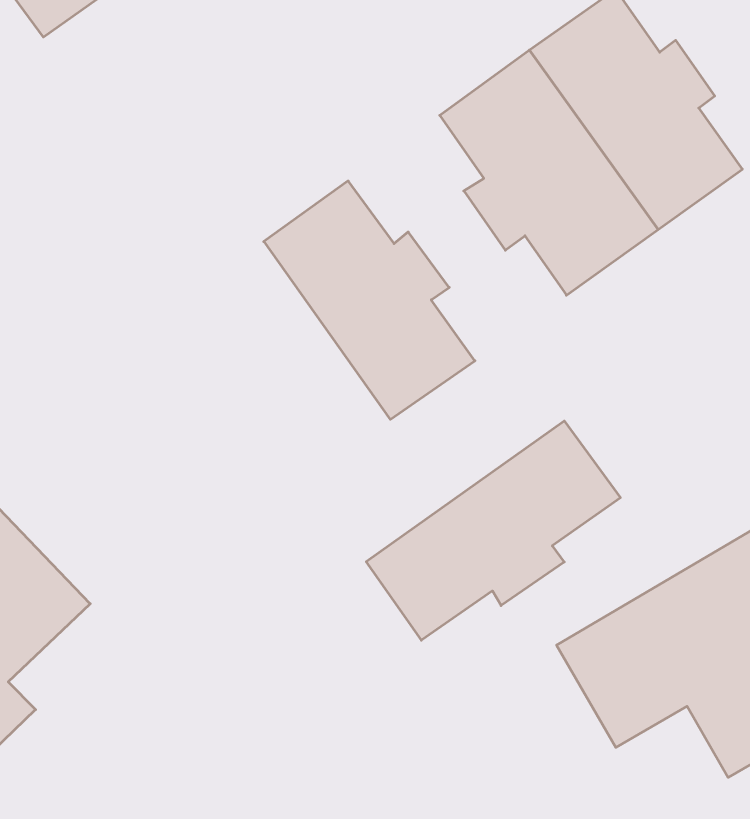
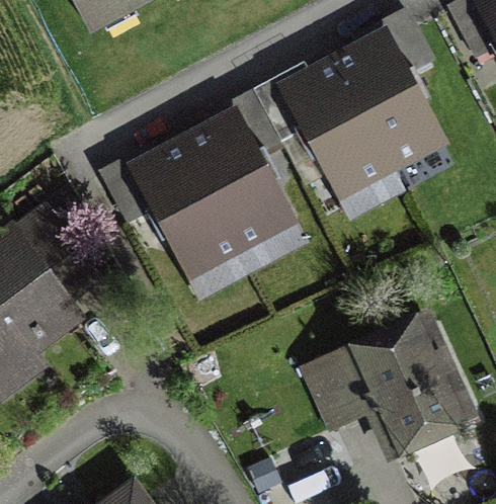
building: none -> [138,143,241,270]
building: [366,421,620,640] -> none

